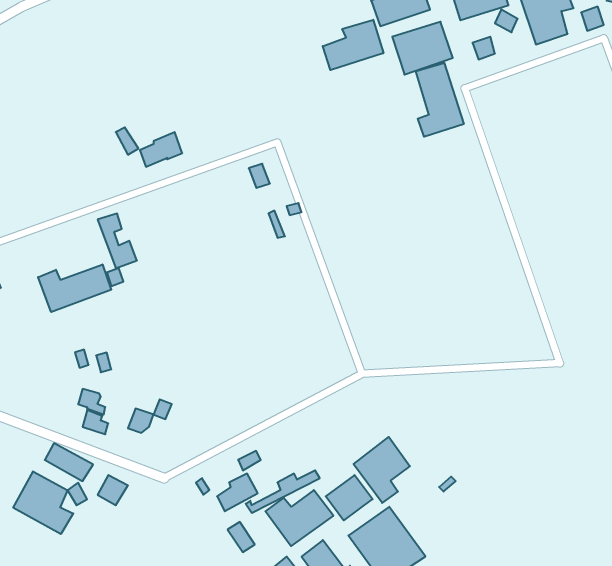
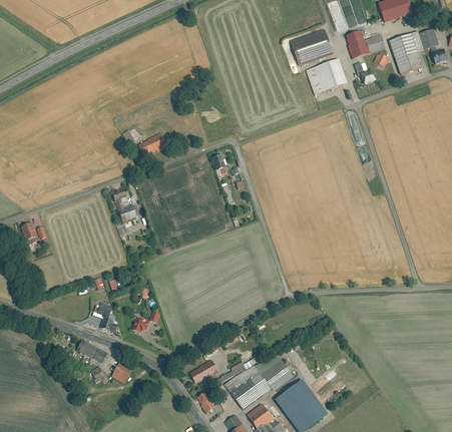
building: [323,20,383,70] -> none
building: [416,63,464,137] -> none
building: [38,264,111,312] -> none
building: [354,437,410,503] -> none
building: [13,471,73,534] -> none

